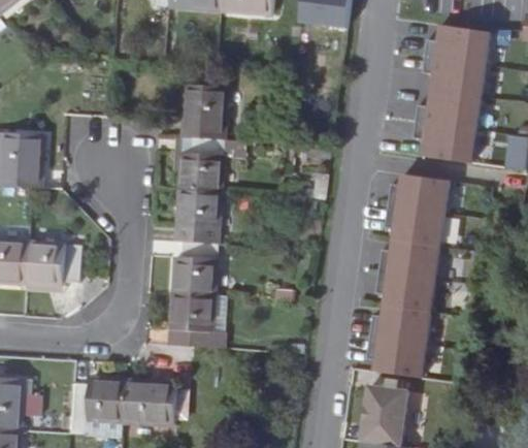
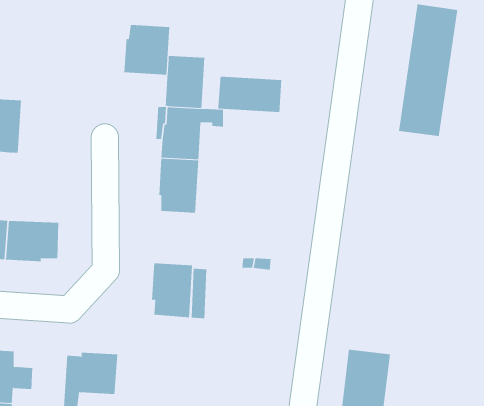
building: none -> [124,24,170,76]
building: none -> [218,76,282,113]
building: [376,178,438,373] -> none
building: [173,239,216,293] -> none
building: [135,382,189,424] -> none

